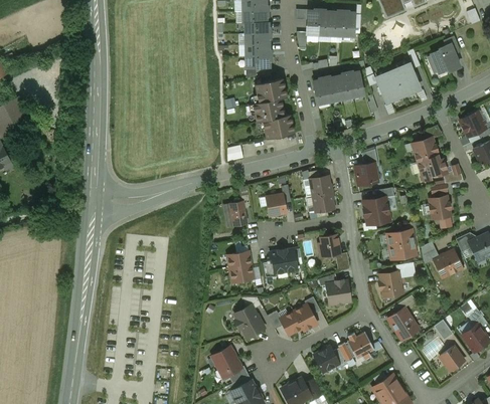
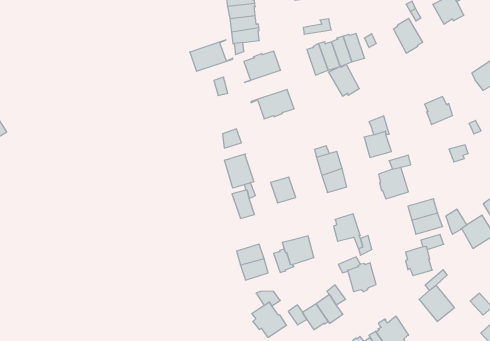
building: [376,71,402,99] -> [328,64,359,96]
building: [253,96,291,122] -> [190,40,233,71]
building: [418,156,447,175] -> none
building: none -> [225,154,254,188]
building: [429,196,451,219] -> none

